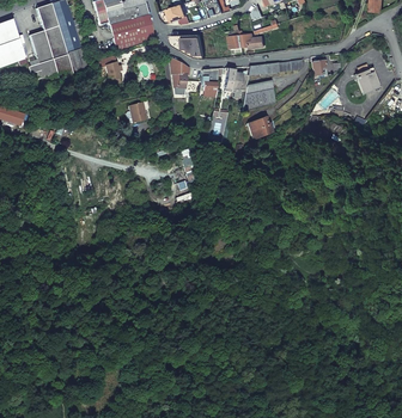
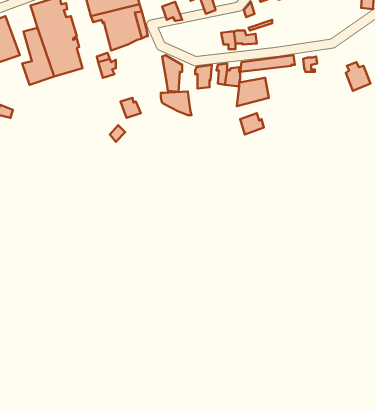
building: [171,35,202,59] -> [161,91,192,115]

